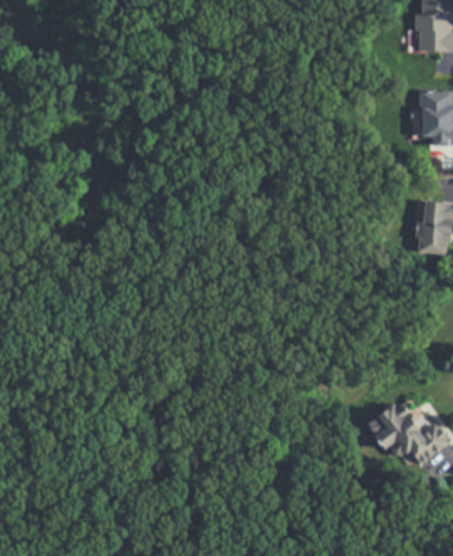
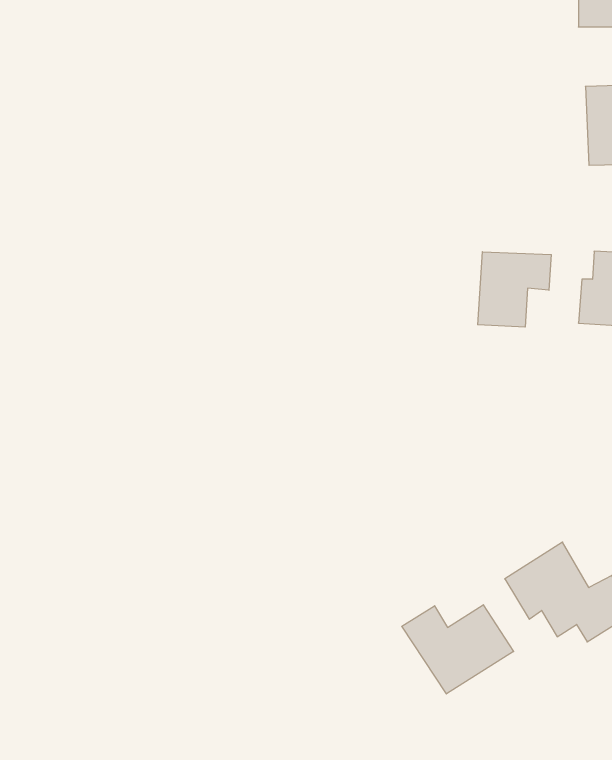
building: none -> [478,252,551,327]
building: none -> [402,605,514,694]

